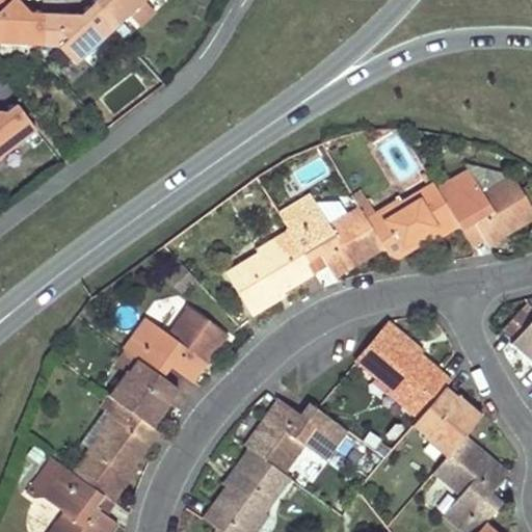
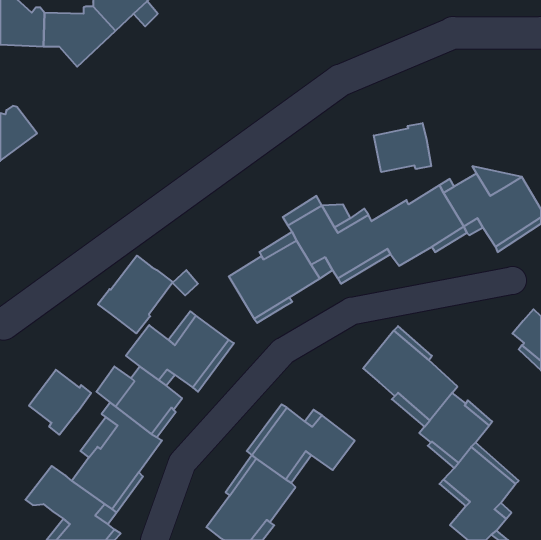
building: none -> [374,123,431,172]
building: none -> [98,256,173,333]
building: none -> [29,370,91,435]

